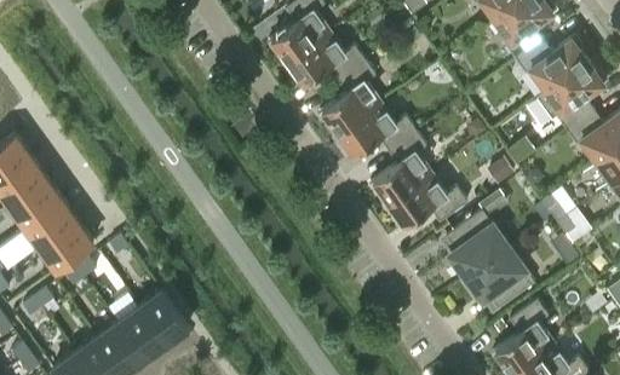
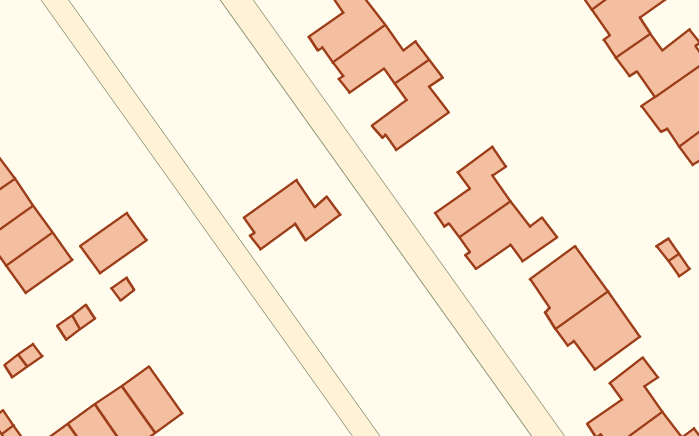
building: [338,104,415,160] -> [244,180,340,249]
building: [40,223,93,271] -> [80,213,147,273]
building: [139,293,188,346] -> none

